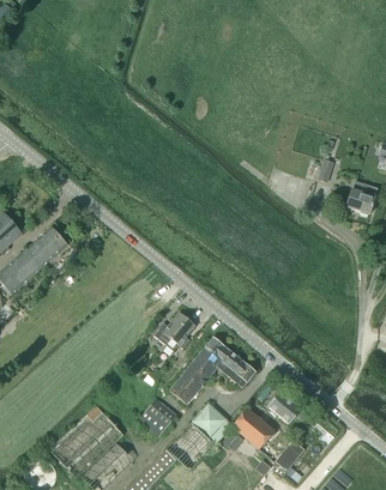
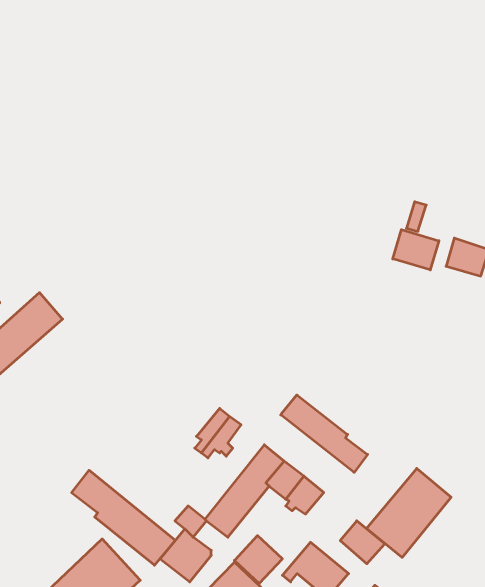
building: none -> [393,230,439,270]
building: none -> [281,395,368,472]
building: none -> [366,468,451,557]
building: none -> [72,470,175,565]

